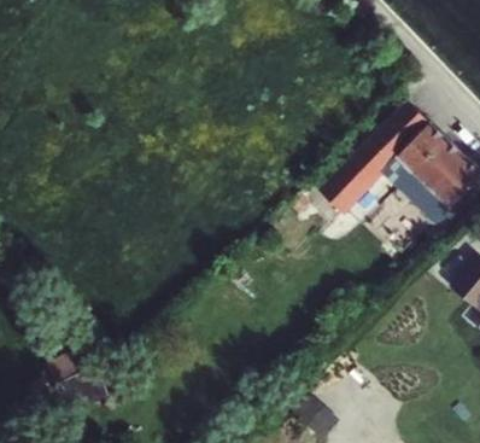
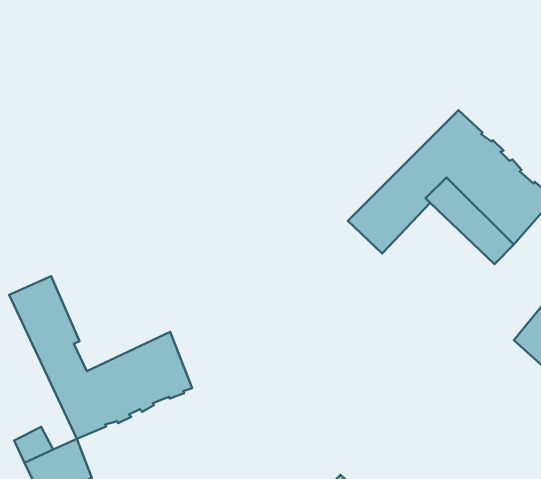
building: none -> [9,276,192,439]

